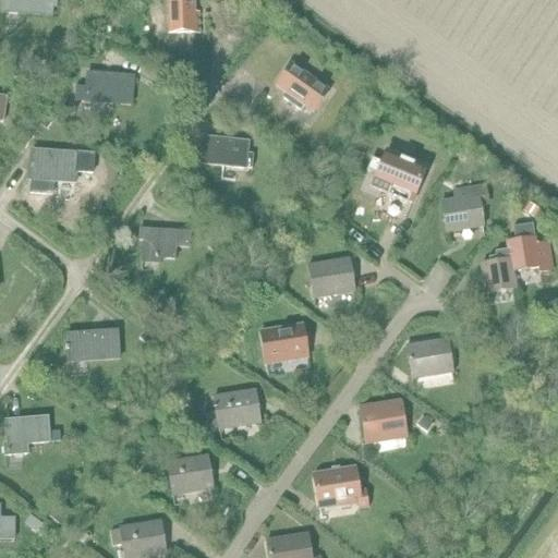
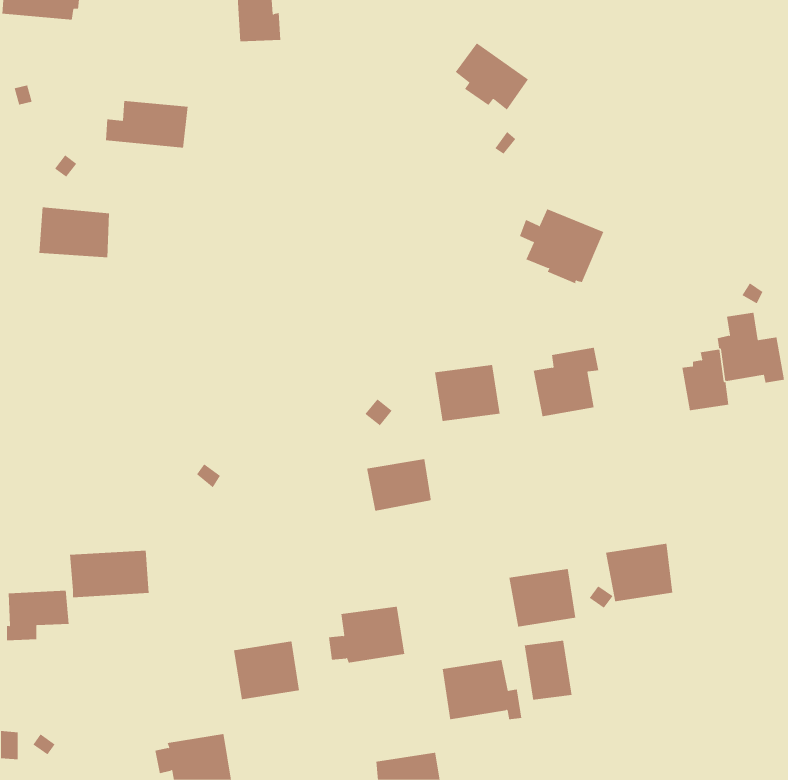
building: [277,61,329,109] -> [455,42,529,110]
building: [202,137,255,167] -> none
building: [440,182,487,231] -> [533,347,599,417]
building: [140,227,191,256] -> none
building: [64,327,121,361] -> [69,550,150,598]
building: [405,337,453,378] -> [605,543,673,602]
building: [205,388,259,428] -> [328,606,405,663]
building: none -> [524,640,572,700]

